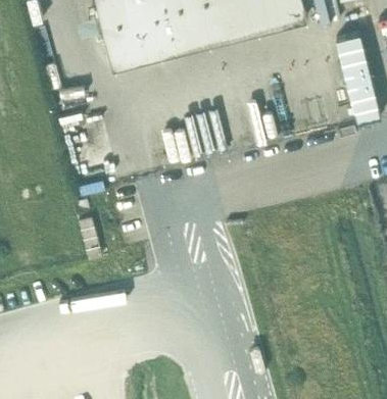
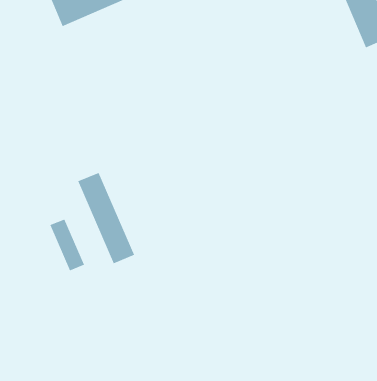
building: none -> [77,172,135,264]

